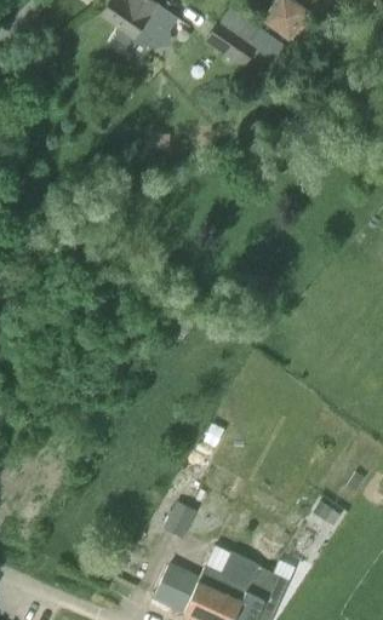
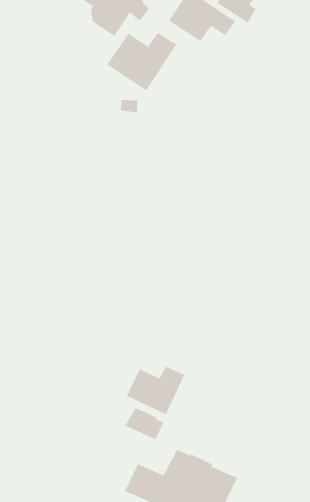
building: none -> [107,32,177,91]
building: none -> [126,366,185,415]

